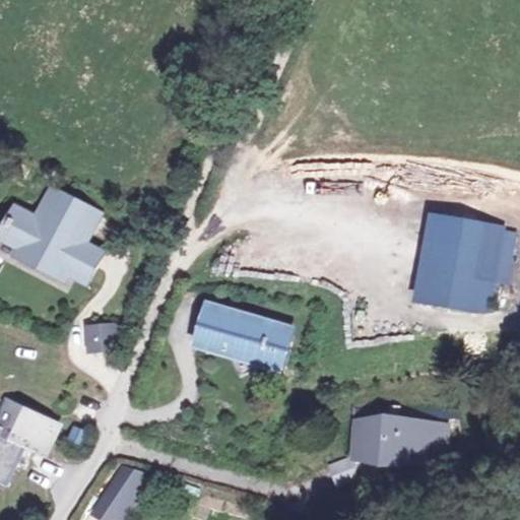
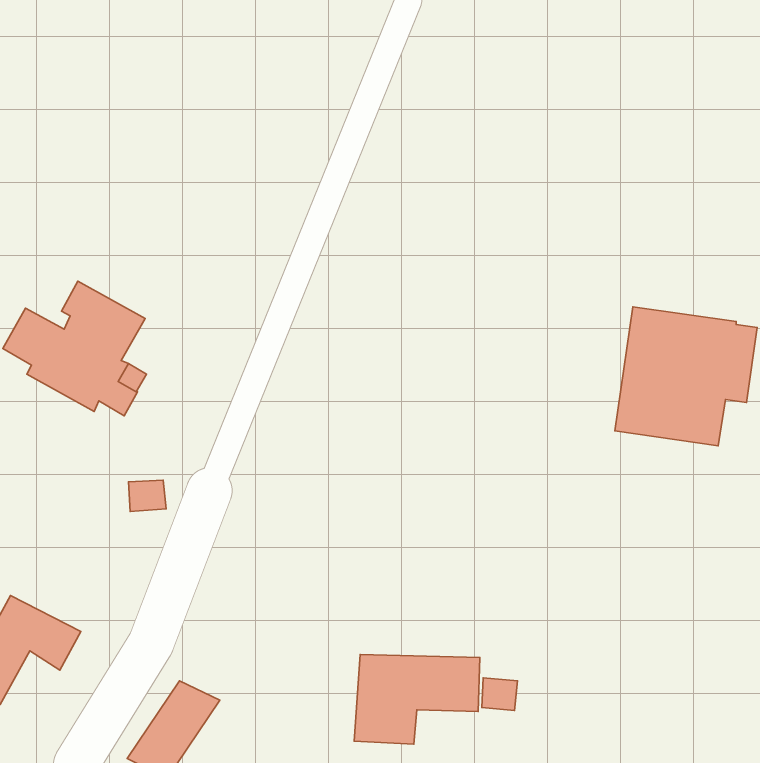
building: [199,310,287,363] -> none
building: [358,416,443,477] -> [354,655,480,744]

